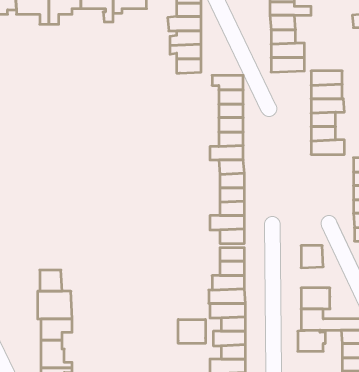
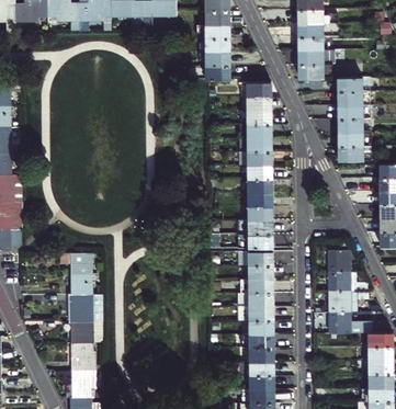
building: none -> [59,253,91,274]
building: [178,319,205,343] -> none
building: [298,330,325,351] -> [328,271,355,292]

